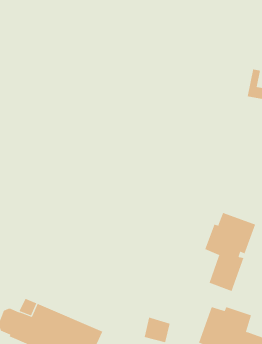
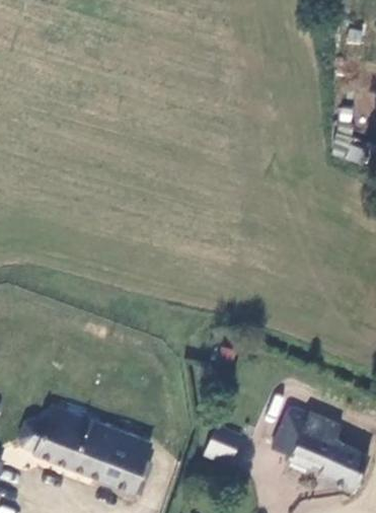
building: [205,212,256,292] -> none

